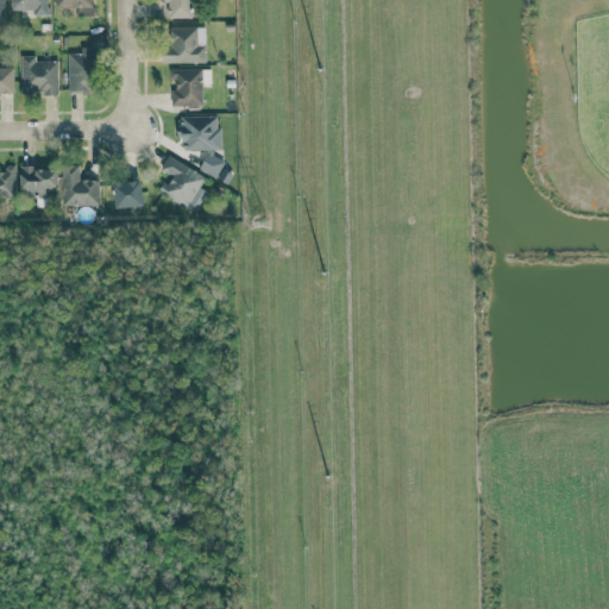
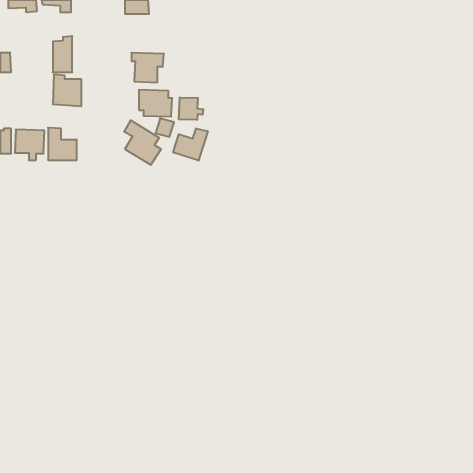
building: [164,26,206,63] -> none
building: [20,55,57,95] -> [53,75,81,106]
building: none -> [179,97,203,120]
building: none -> [173,128,208,161]
building: [113,181,142,207] -> none

